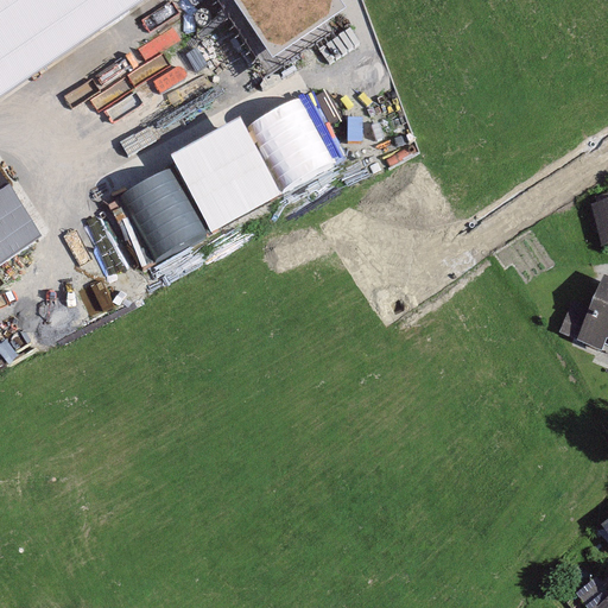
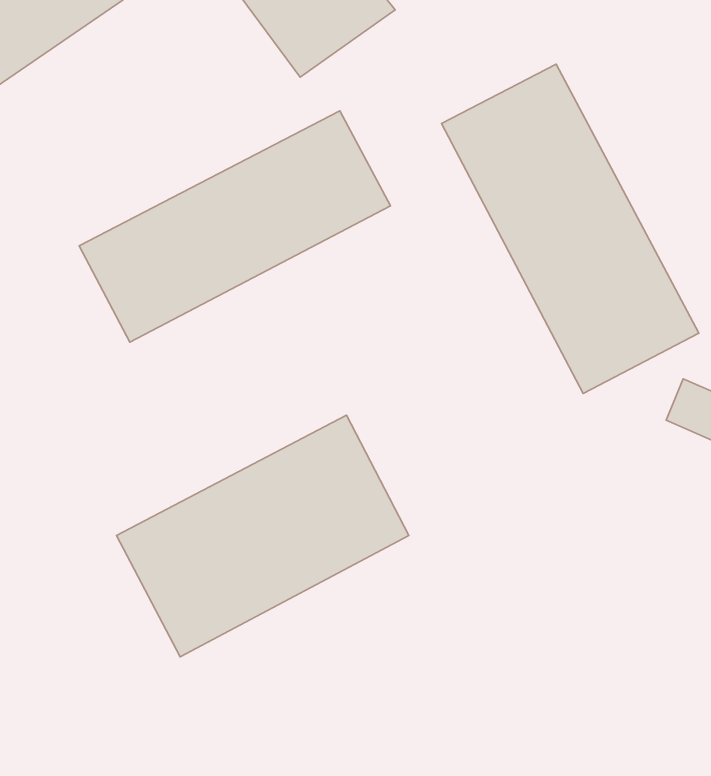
building: none -> [442,64,699,394]
building: none -> [116,415,409,657]

